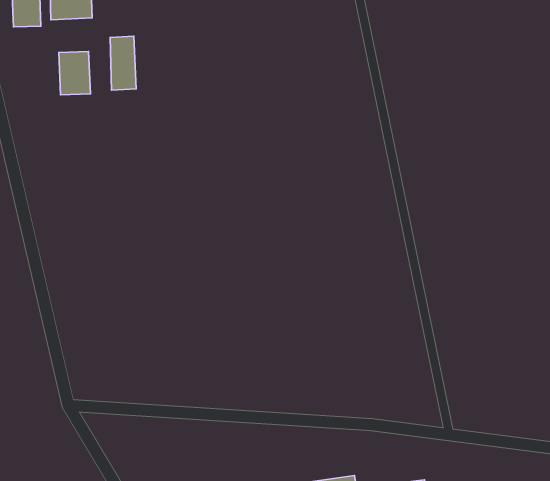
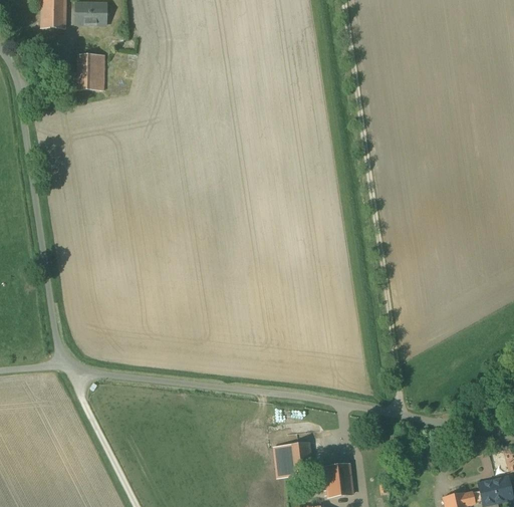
building: [110,36,136,90] -> none

